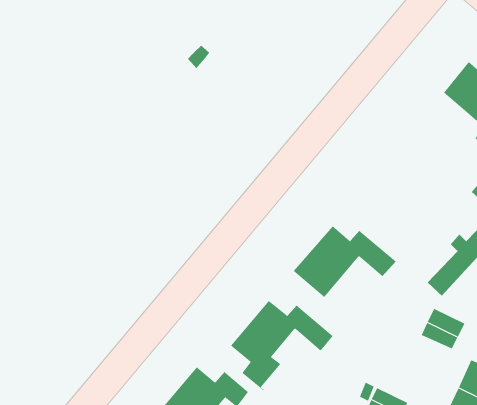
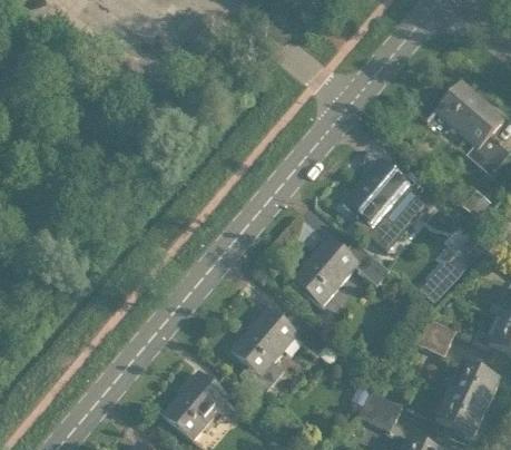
building: none -> [343,159,442,245]

